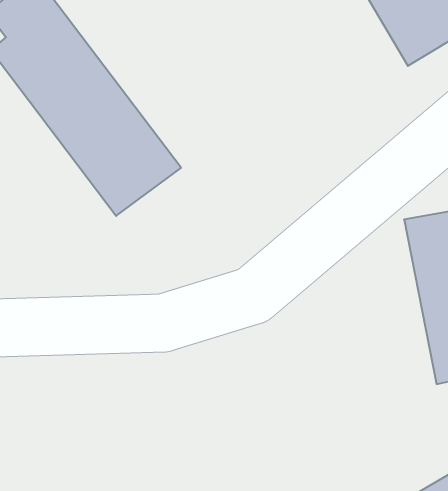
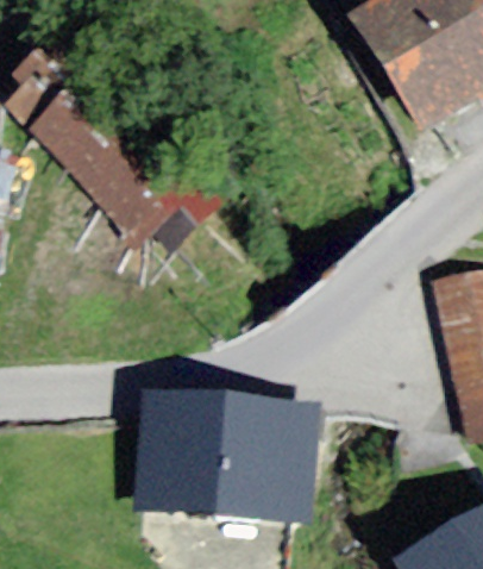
building: none -> [148,400,320,517]

